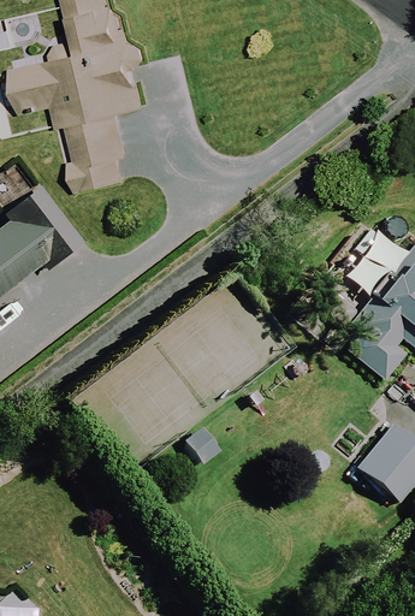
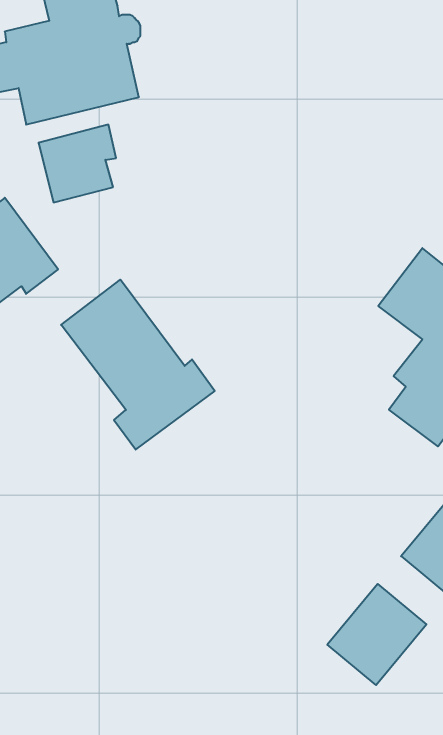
building: none -> [61,280,215,450]
building: none -> [327,584,426,685]

